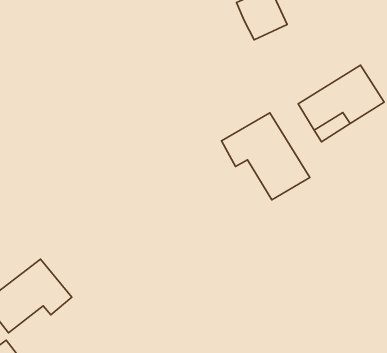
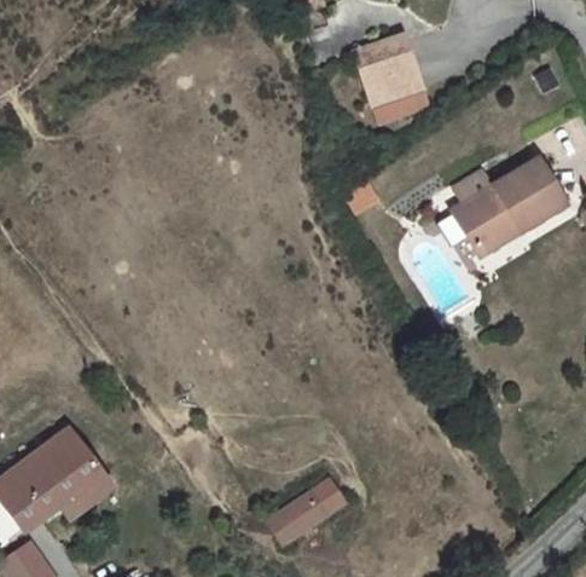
building: [221,113,310,200] -> none
building: none -> [267,490,327,547]

